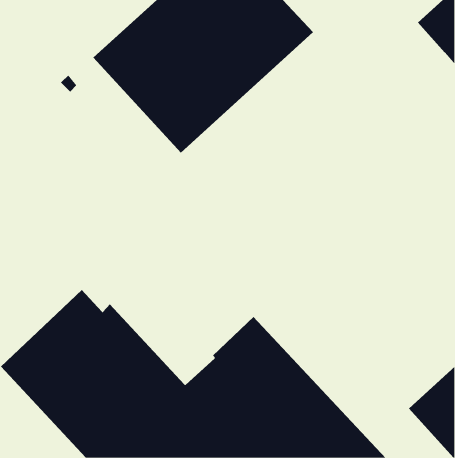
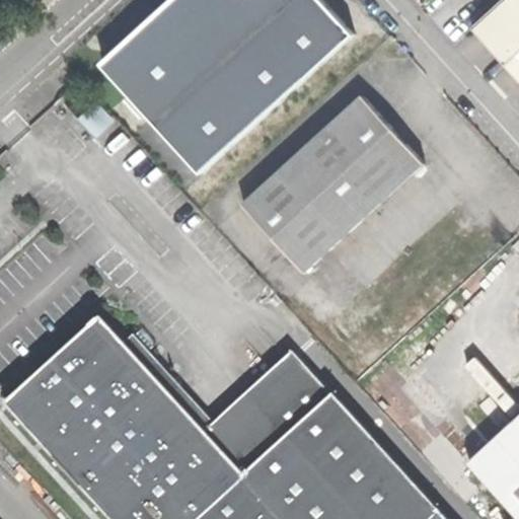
building: none -> [241,94,423,272]

